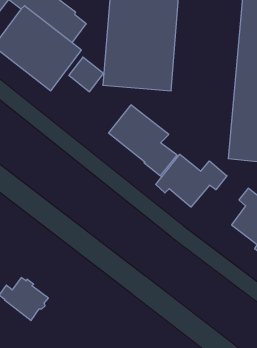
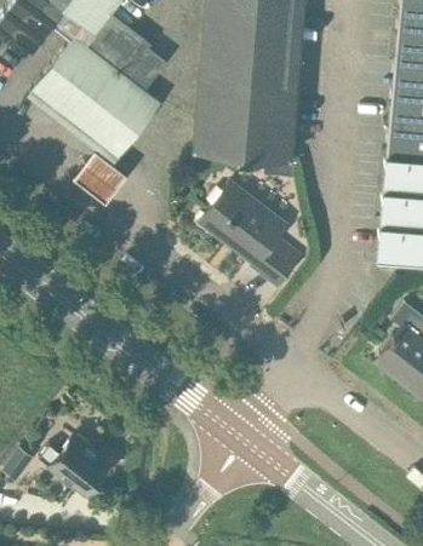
building: [69,57,103,92] -> [76,151,127,202]
building: [156,154,227,207] -> none

